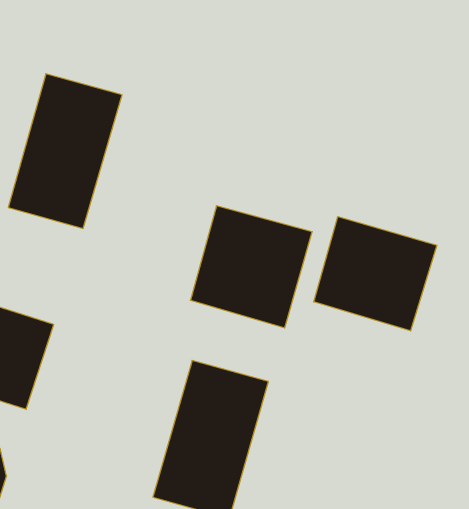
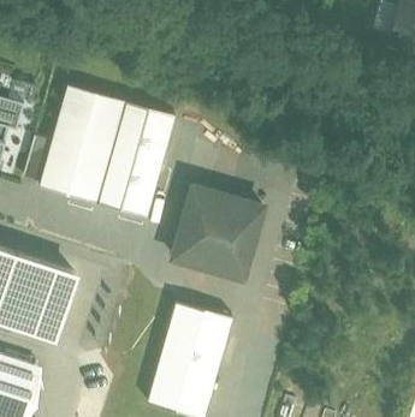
building: none -> [94,103,172,215]
building: [314,217,437,331] -> none

